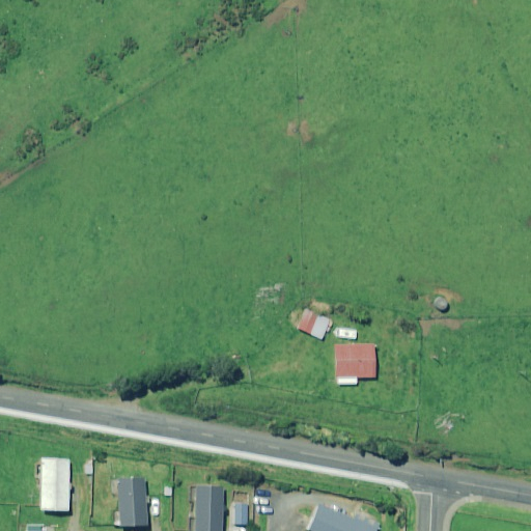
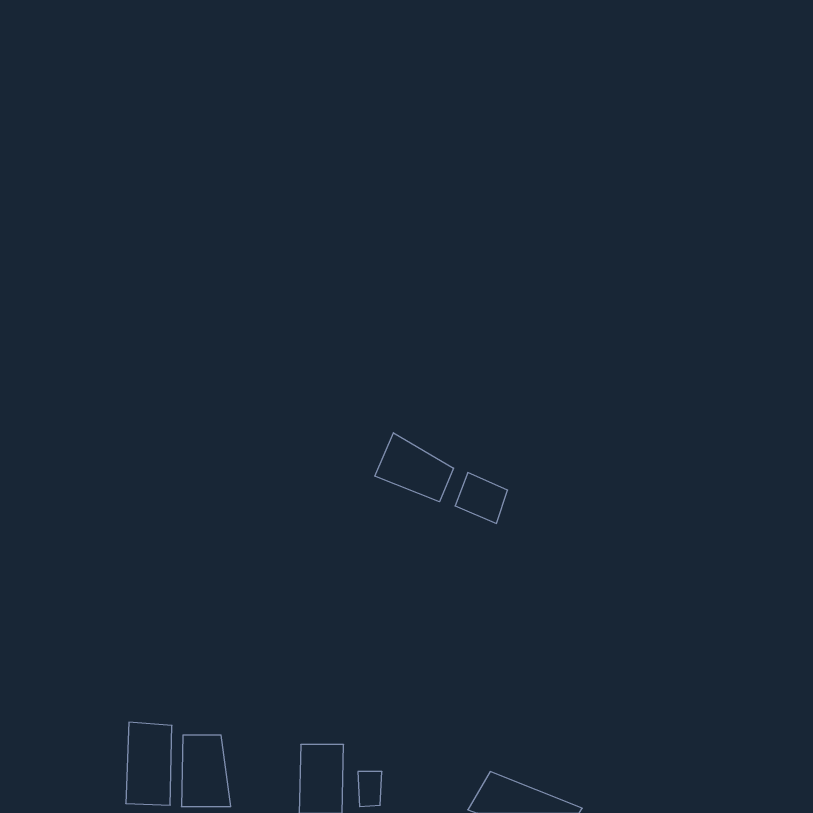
building: none -> [375,433,454,502]
building: [334,343,378,386] -> none
building: [40,457,71,511] -> [126,722,172,805]

